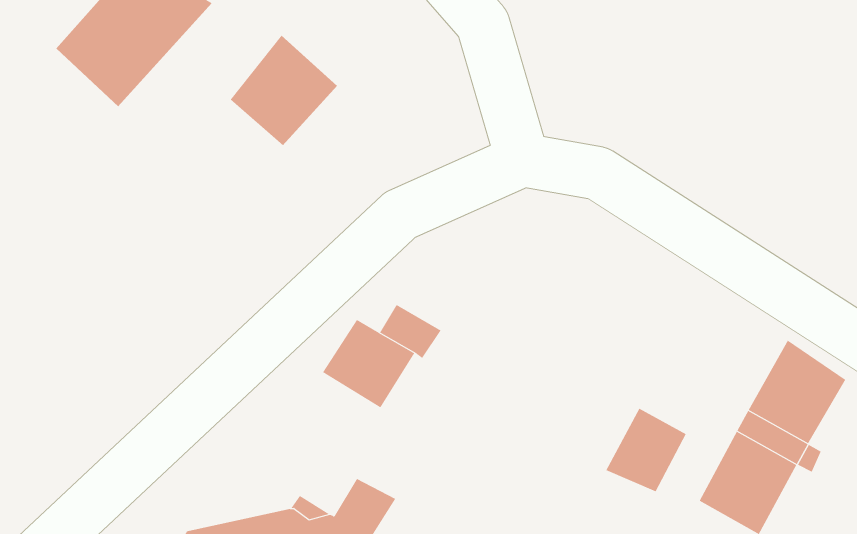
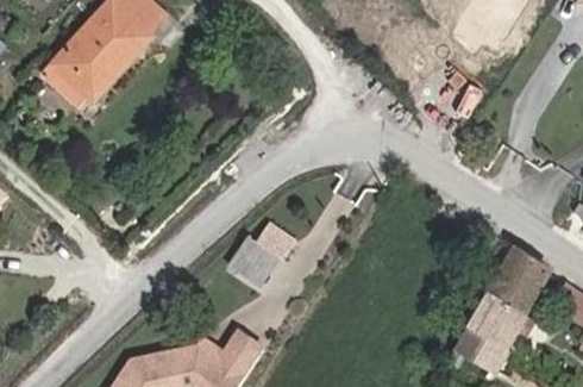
building: [230,35,338,146] -> none
building: [605,408,686,492] -> none

